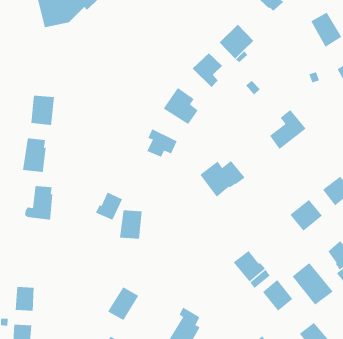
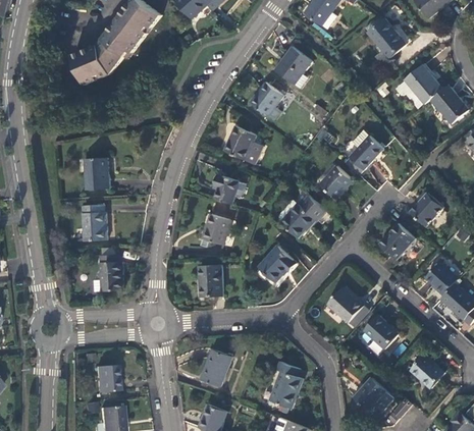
building: none -> [321,165,353,198]
building: [95,192,123,220] -> [203,214,230,244]
building: none -> [259,246,296,281]
building: [292,262,334,305] -> none

